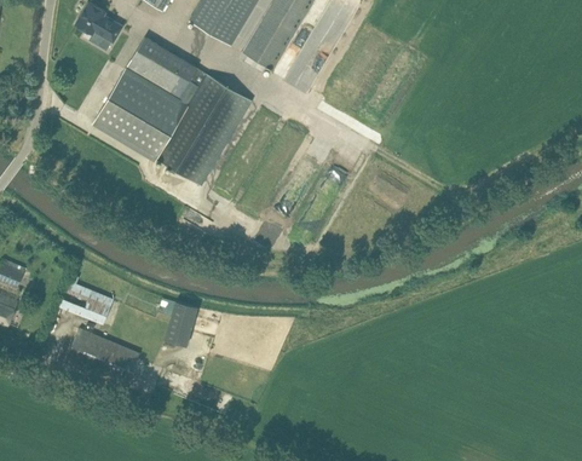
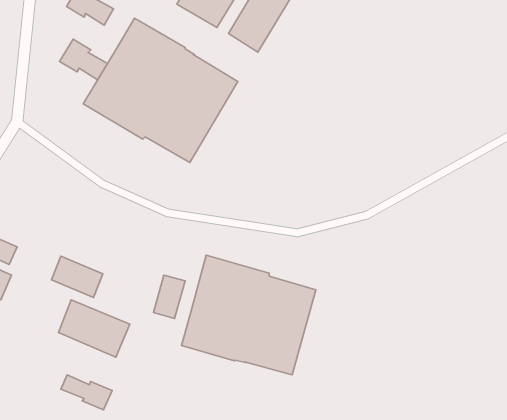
building: none -> [60,39,107,80]
building: none -> [182,255,316,375]
building: none -> [61,375,112,410]

